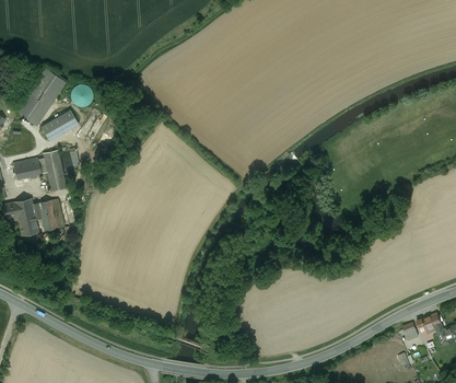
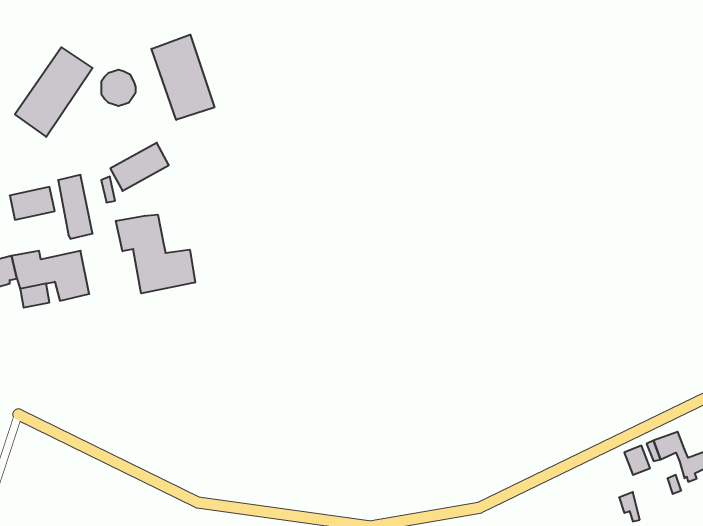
building: none -> [151,35,214,120]
building: [42,111,79,141] -> [110,143,169,191]
building: none -> [116,215,195,293]

